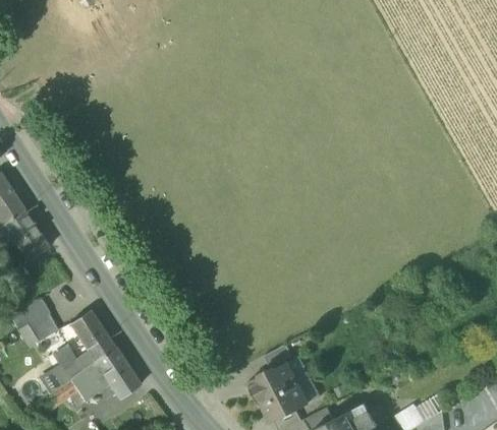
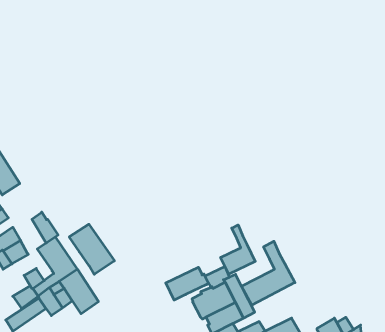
building: none -> [32,212,58,243]
building: none -> [69,224,114,274]
building: none -> [221,225,255,274]
building: none -> [242,241,295,305]
building: none -> [166,267,209,300]

